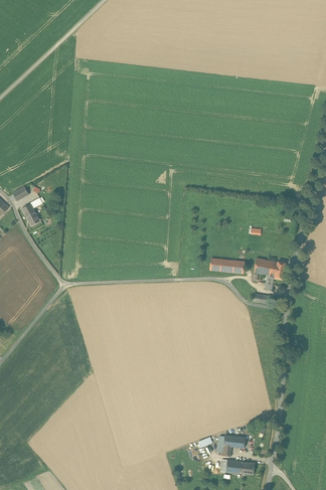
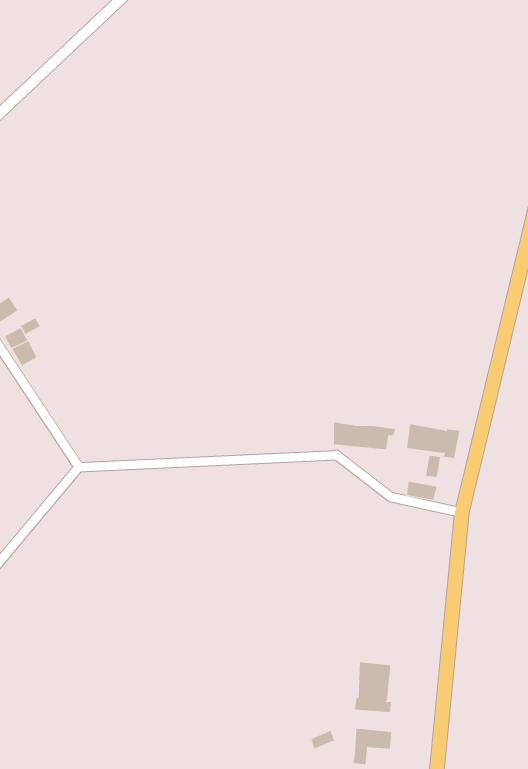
building: none -> [354,662,392,713]

